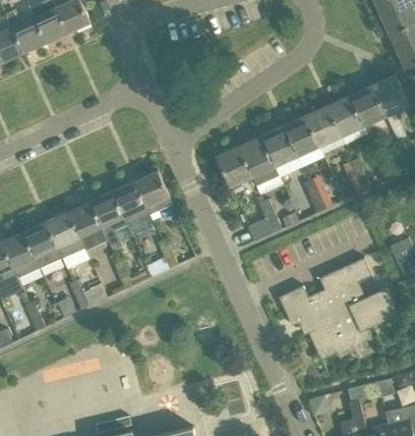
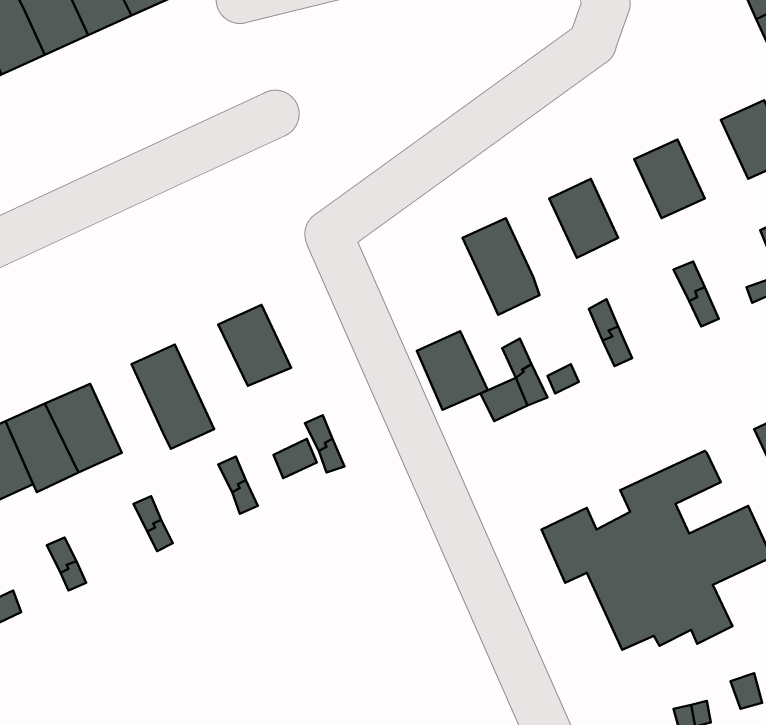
building: [350,86,387,126] -> none
building: [305,106,342,147] -> none
building: [261,126,298,167] -> none
building: [217,147,253,187] -> [417,331,488,410]
building: [135,171,172,214] -> none
building: [91,192,128,250] -> none
building: [47,212,84,258] -> none

